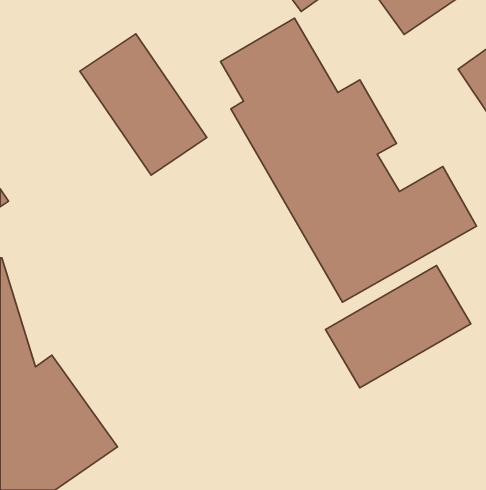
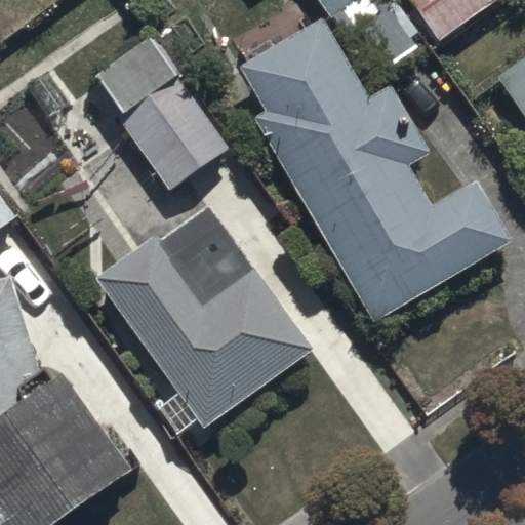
building: none -> [99,238,313,425]
building: [325,265,471,388] -> none

